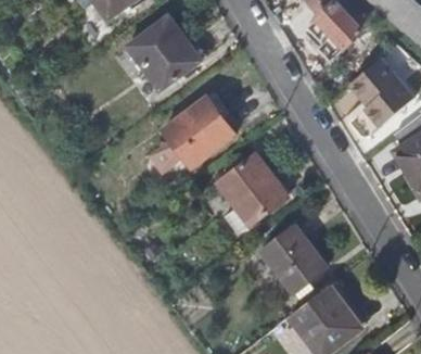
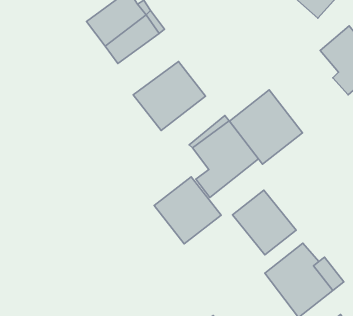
building: none -> [229,90,302,164]
building: none -> [154,177,221,244]

